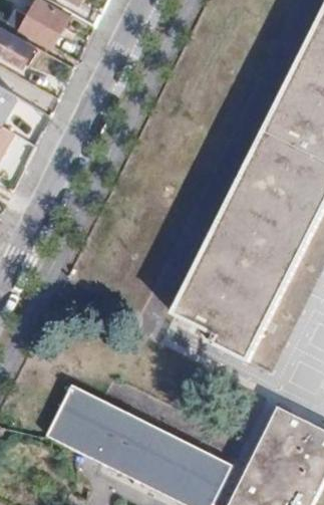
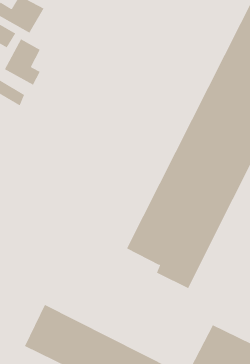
building: none -> [4,38,41,85]

